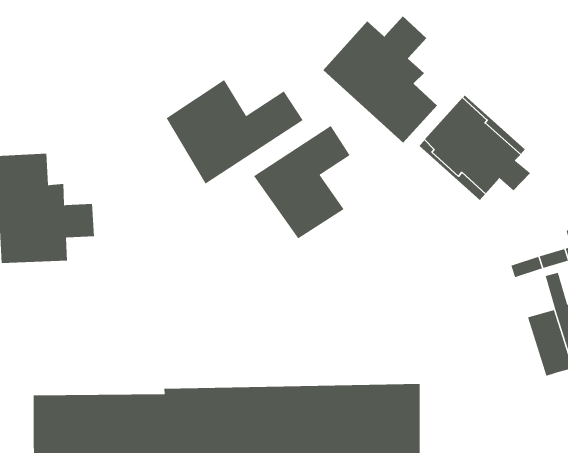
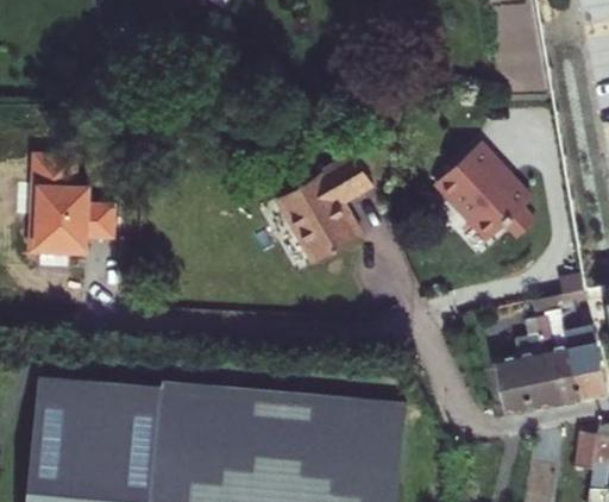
building: [323,16,438,143] -> none
building: [166,79,304,185] -> none
building: none -> [490,352,527,415]

